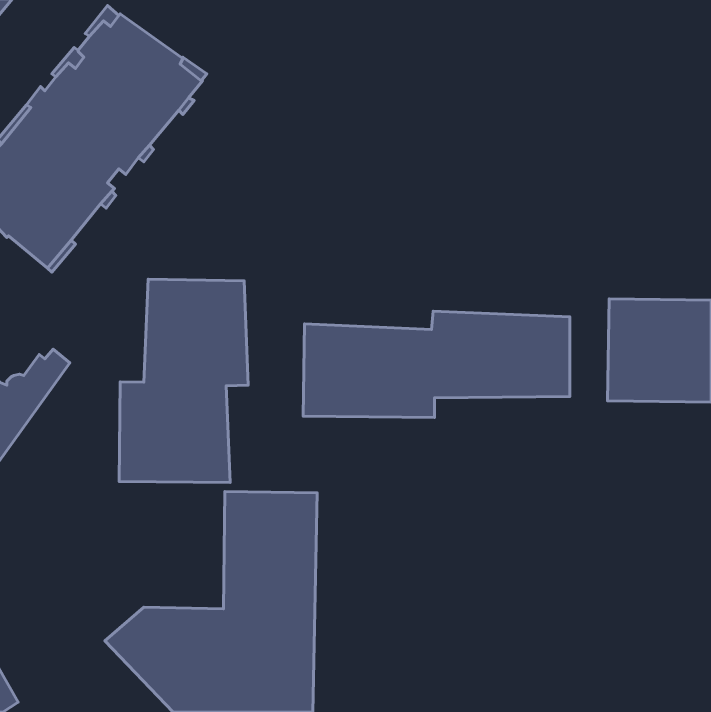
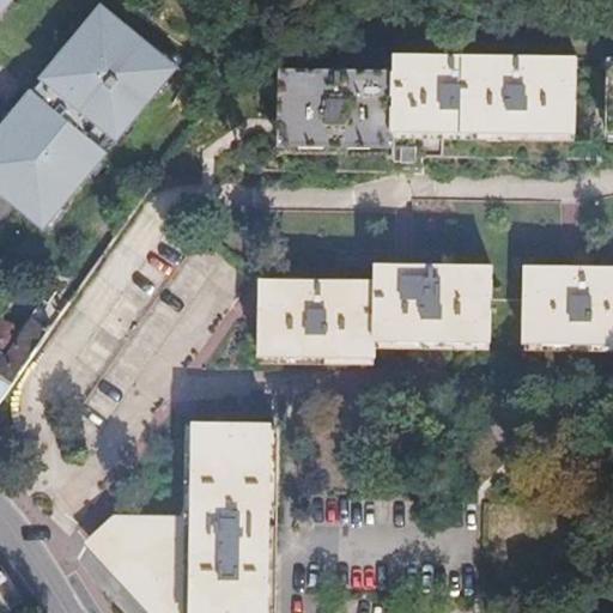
building: none -> [279,54,573,181]
building: [119,279,248,482] -> none

